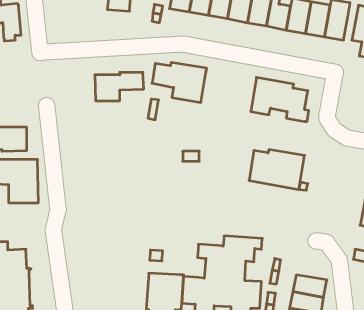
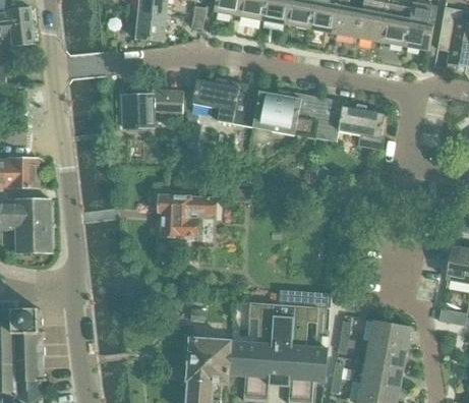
building: none -> [135,13,165,42]
building: [249,150,305,189] -> [252,90,320,138]
building: none -> [159,195,216,235]
building: none -> [369,319,411,345]

